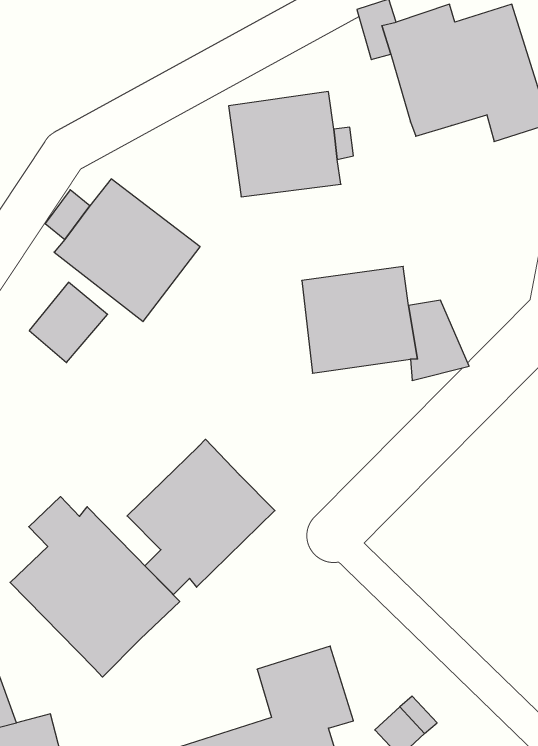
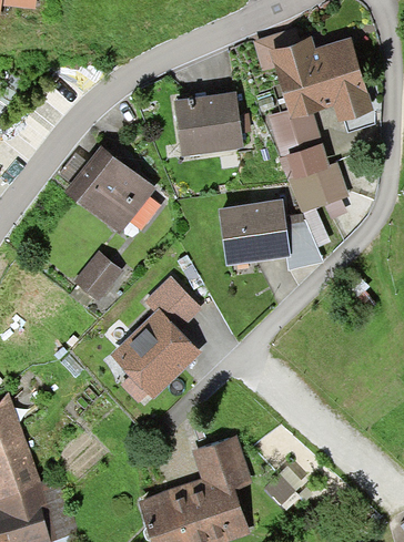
building: none -> [267,110,349,219]
building: [29,282,108,363] -> [73,250,122,300]
building: none -> [144,275,202,329]
building: [10,497,180,677] -> none

